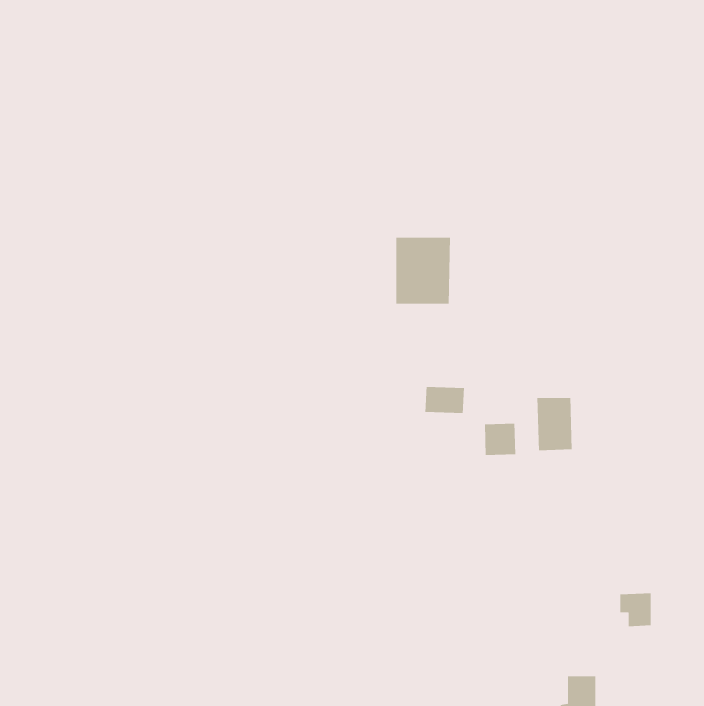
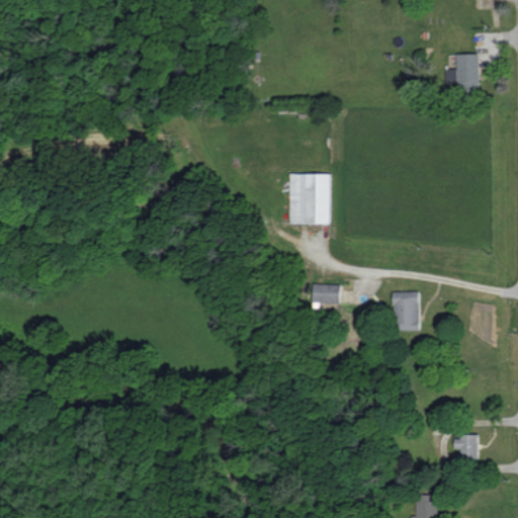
building: none -> [444,54,479,93]
building: [484,423,516,456] -> none

